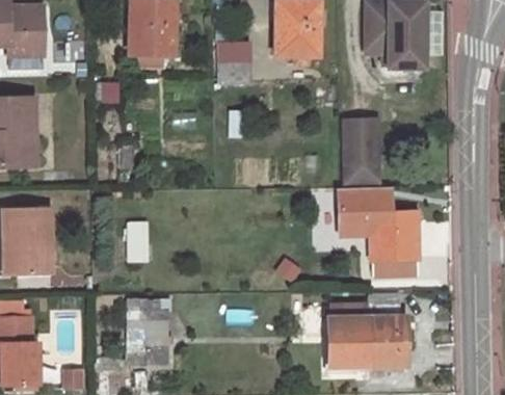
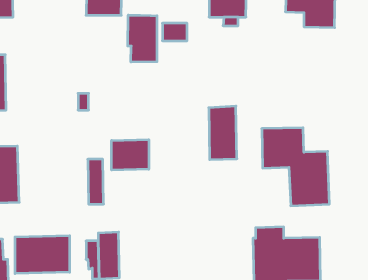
building: none -> [128,15,157,62]
building: [345,116,378,180] -> [209,106,237,160]
building: none -> [112,140,149,170]
building: none -> [15,236,70,274]

